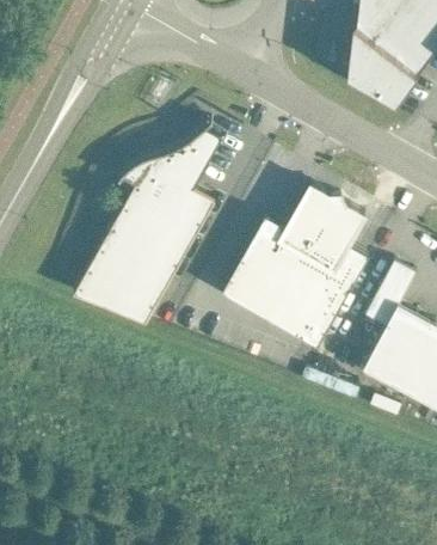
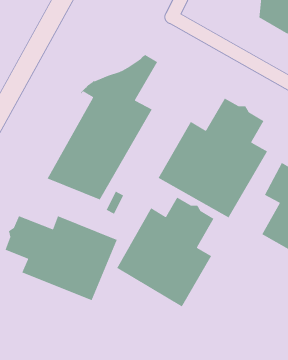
building: none -> [116,197,214,307]
building: none -> [4,215,118,301]

